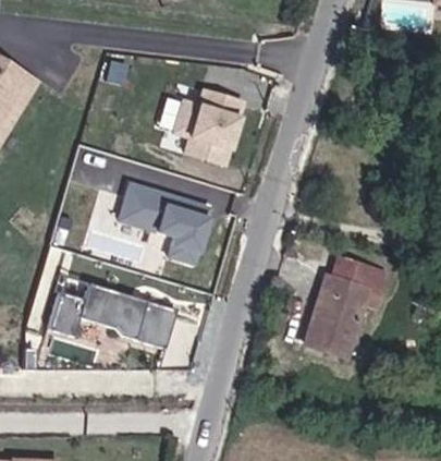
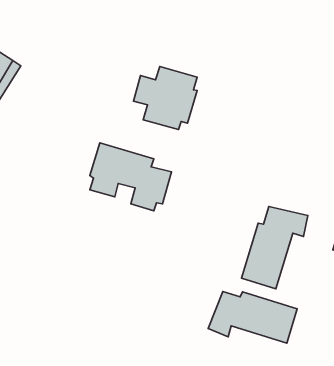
building: [52,278,177,347] -> none
building: none -> [208,291,297,343]

